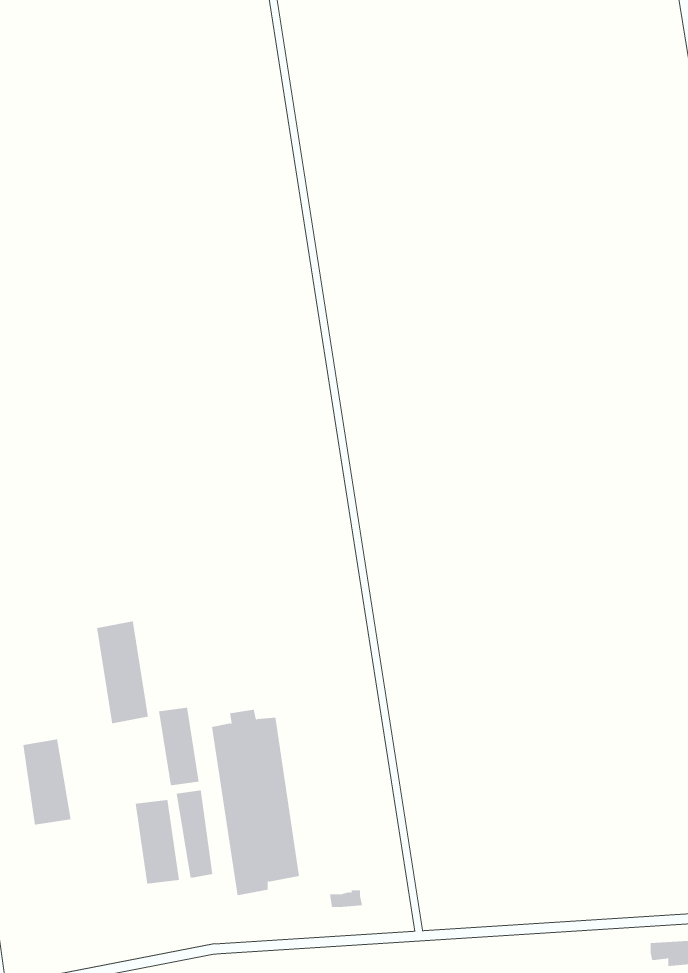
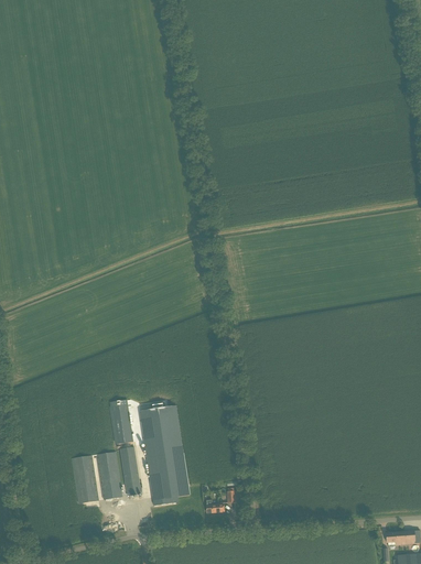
building: [96,620,148,724] -> none
building: [22,739,72,825] -> [72,455,99,503]

